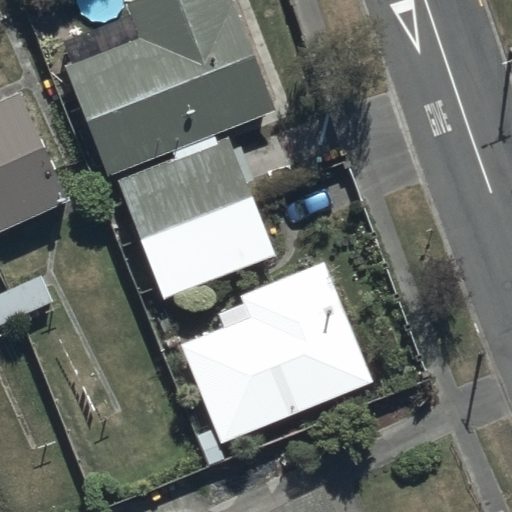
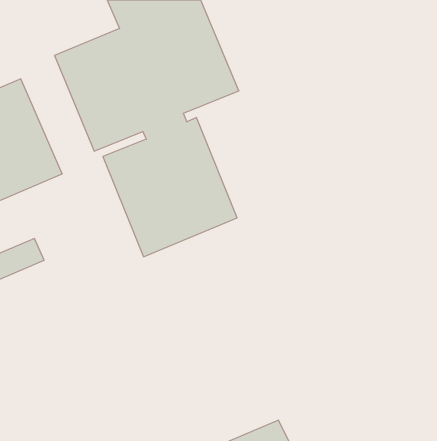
building: [179,262,372,444] -> none

